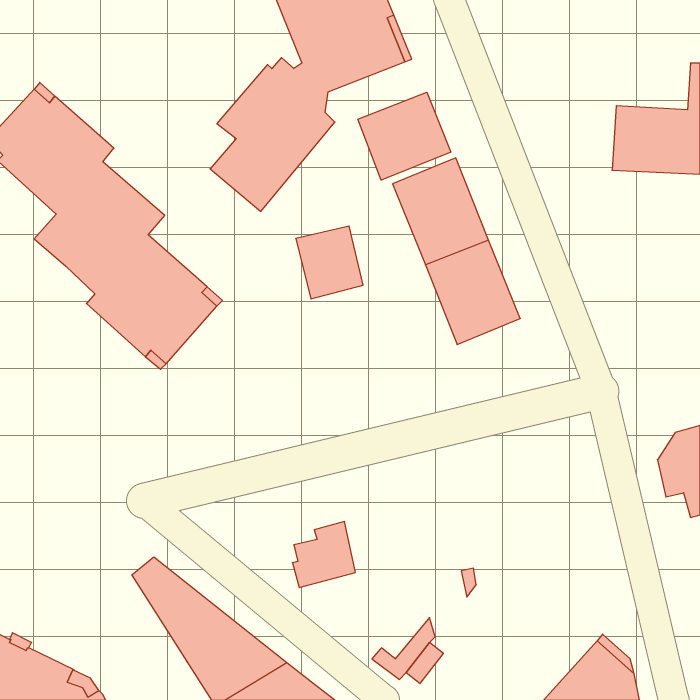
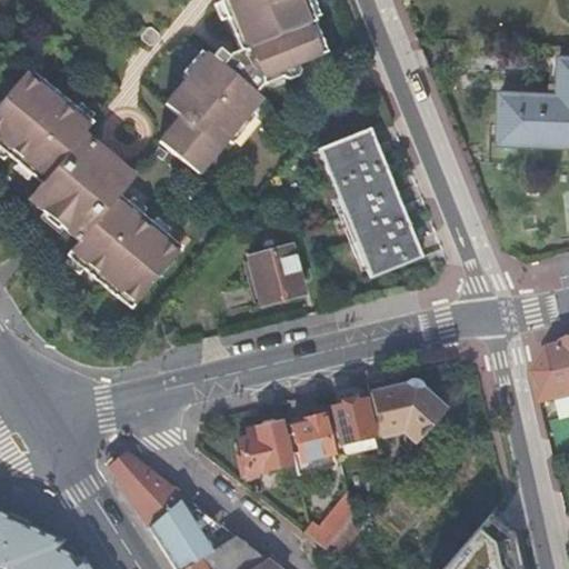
building: [358,92,451,180] -> none
building: [296,226,363,299] -> [252,258,307,317]
building: none -> [367,382,443,445]
building: none -> [332,401,372,452]
building: none -> [286,416,333,477]

